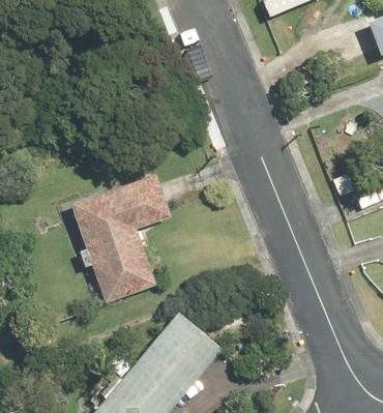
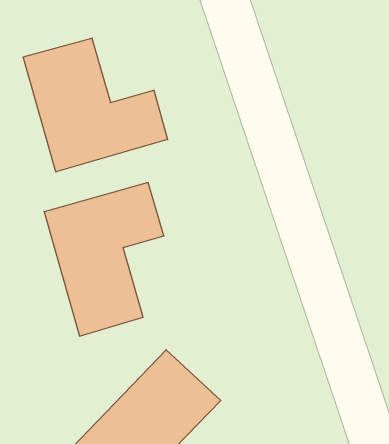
building: none -> [23,38,168,172]

